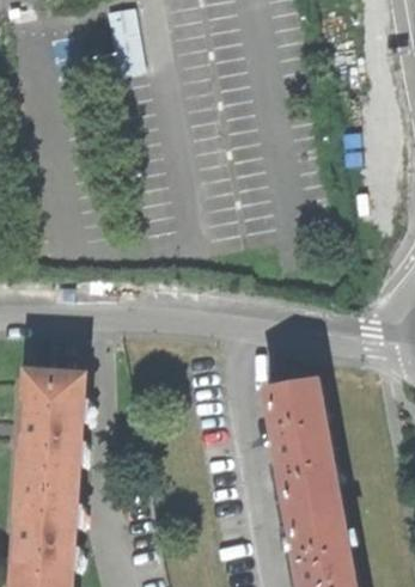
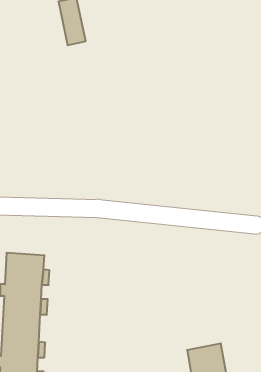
building: [264,383,337,519] -> none

